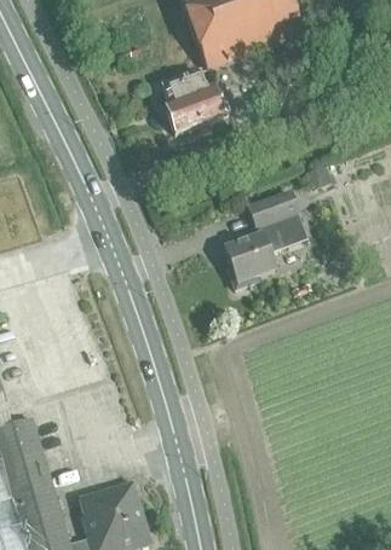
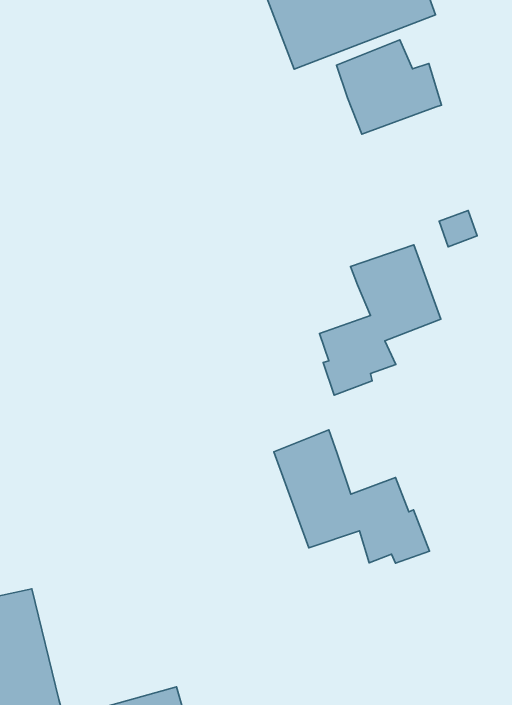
building: [157,70,228,133] -> [337,40,442,134]
building: none -> [274,430,430,563]

